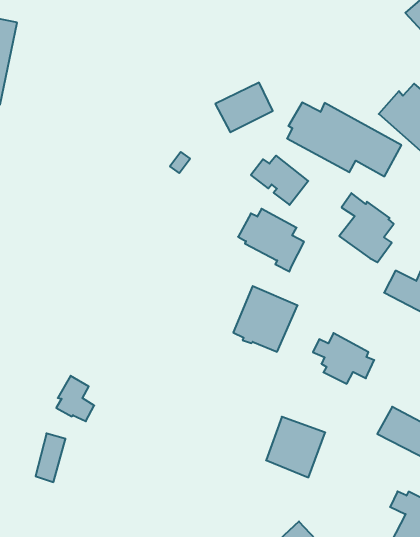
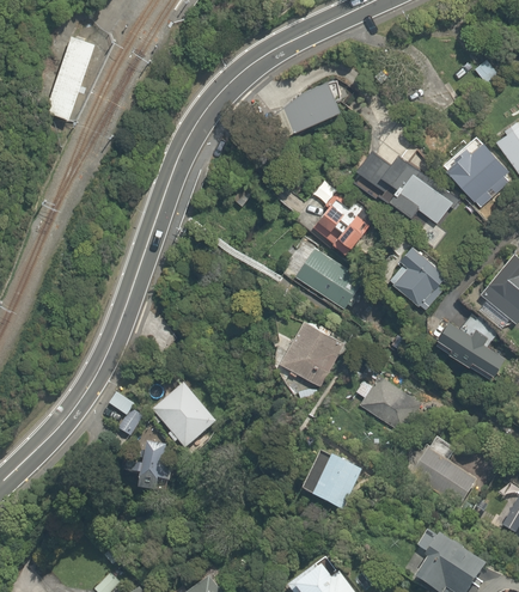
building: [215,83,273,132] -> [281,81,336,127]
building: none -> [155,386,214,447]
building: [36,433,66,482] -> [133,439,165,487]

